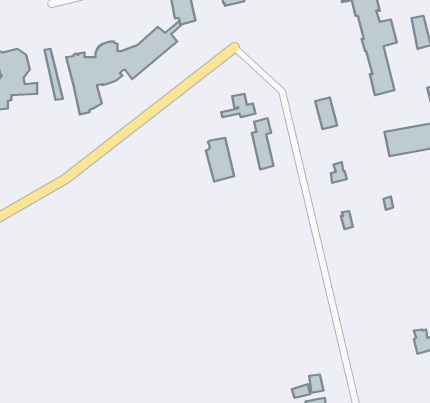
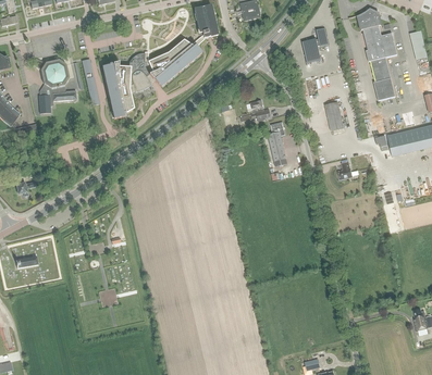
building: none -> [303,27,329,62]
building: [206,138,234,181] -> none

